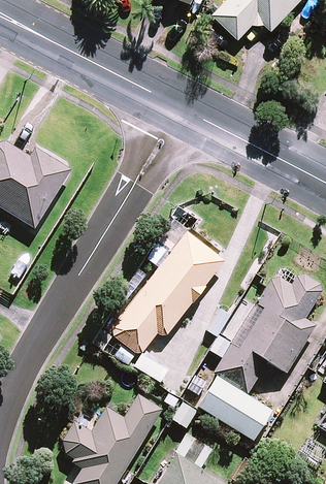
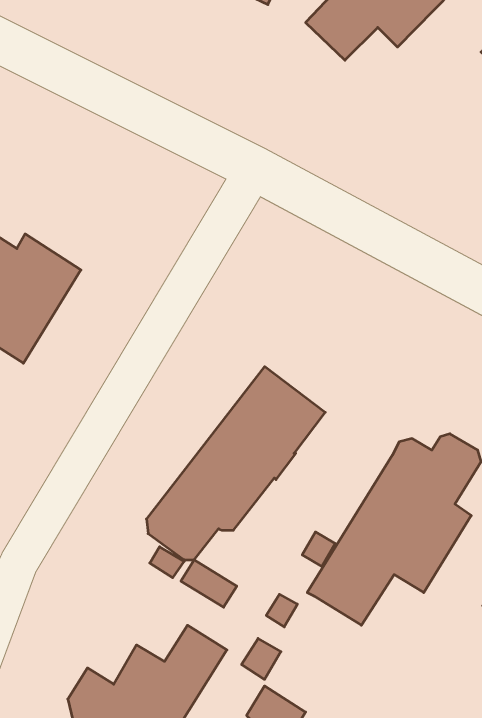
building: [197,377,272,442] -> none

